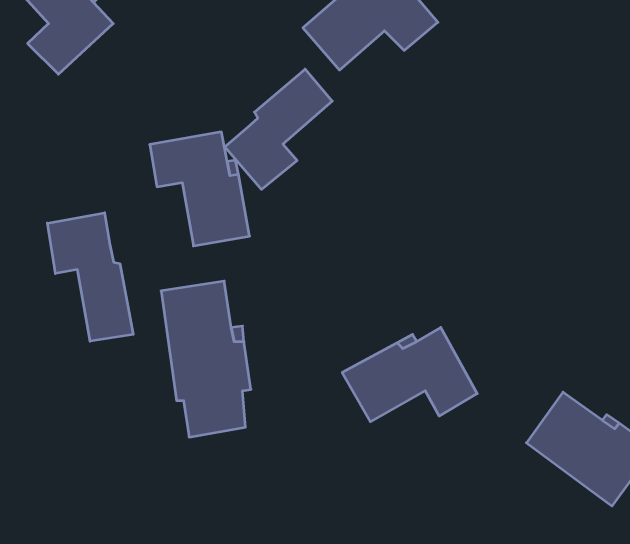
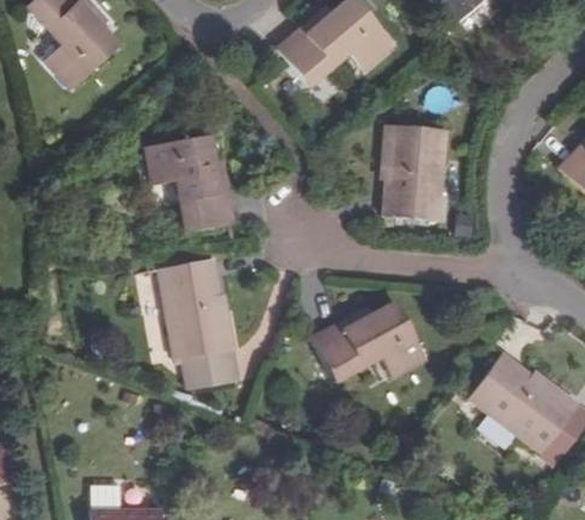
building: [225,69,332,189] -> none
building: none -> [387,125,450,217]
building: [47,213,133,341] -> none

